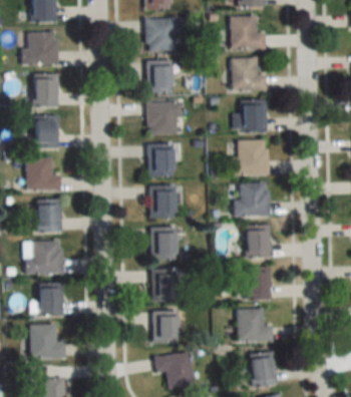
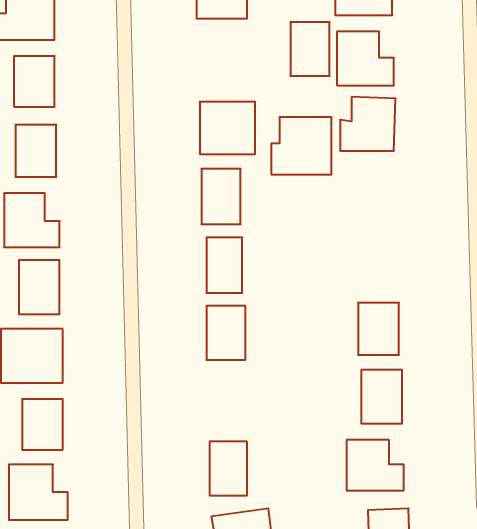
building: [146,59,170,92] -> [290,22,330,76]
building: [232,140,269,175] -> [271,117,332,174]
building: [237,182,270,216] -> none
building: [152,268,176,301] -> none

